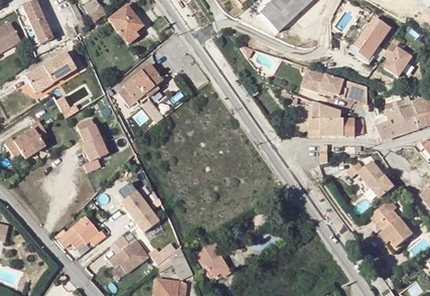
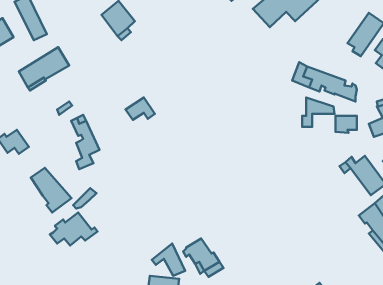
building: [118,63,161,105] -> none
building: [319,117,343,135] -> none
building: [24,119,48,150] -> none
building: none -> [31,168,71,212]
building: [120,190,158,233] -> none
building: [108,236,148,273] -> none

